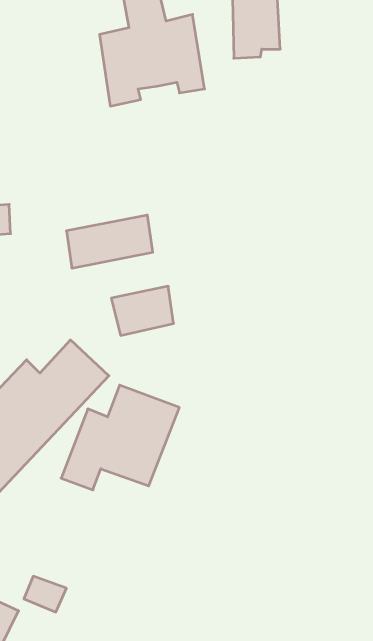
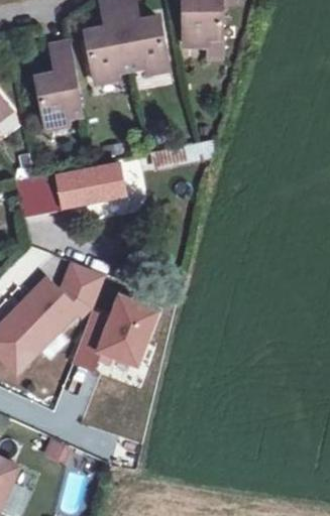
building: none -> [32,42,82,129]
building: [111,286,174,335] -> [19,176,67,214]

